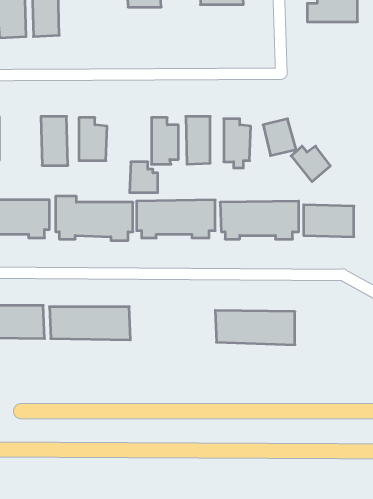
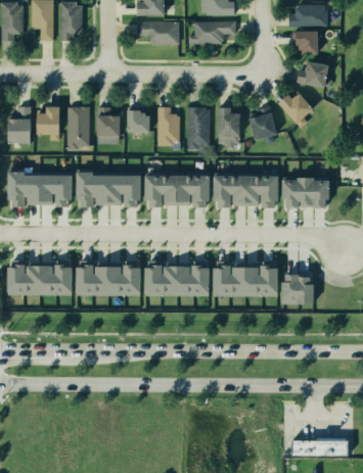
building: none -> [136,20,181,46]
building: none -> [189,21,235,49]
building: none -> [292,32,319,55]
building: none -> [297,61,329,88]
building: none -> [38,106,60,135]
building: [291,146,330,182] -> [280,95,313,125]
building: [130,162,158,193] -> [127,107,150,133]
building: none -> [142,267,209,294]
building: none -> [280,274,311,302]

